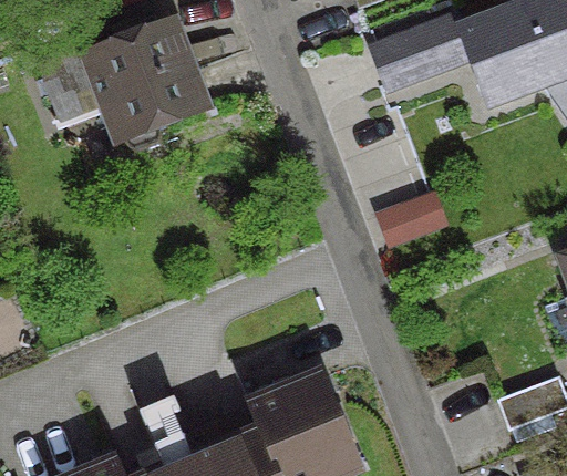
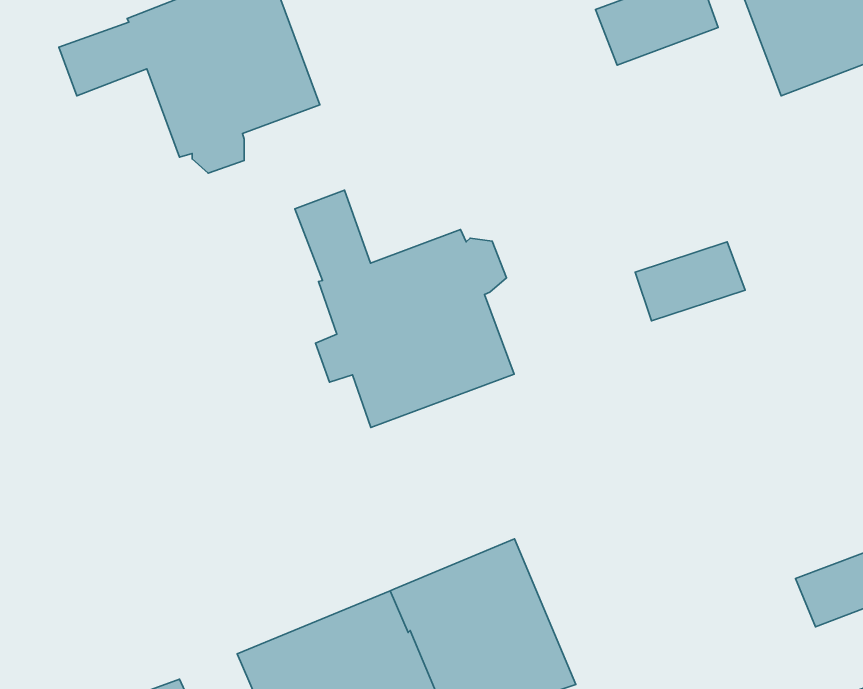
building: none -> [295,190,514,427]

